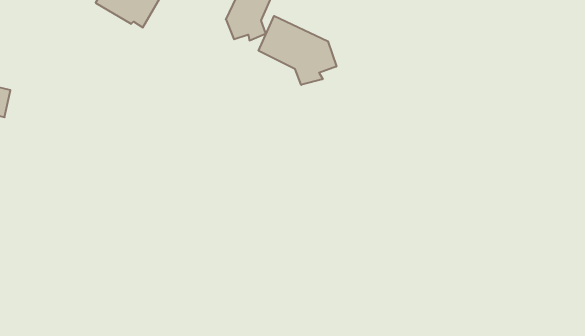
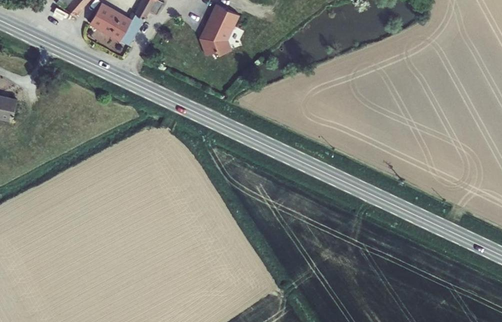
building: [259,16,336,85] -> none

